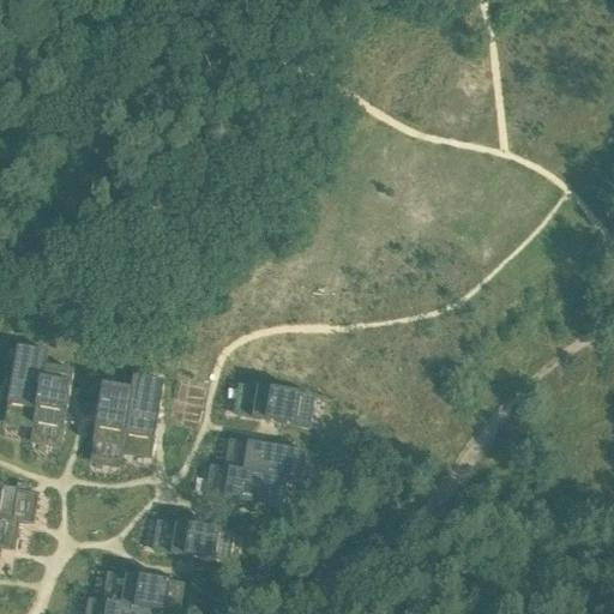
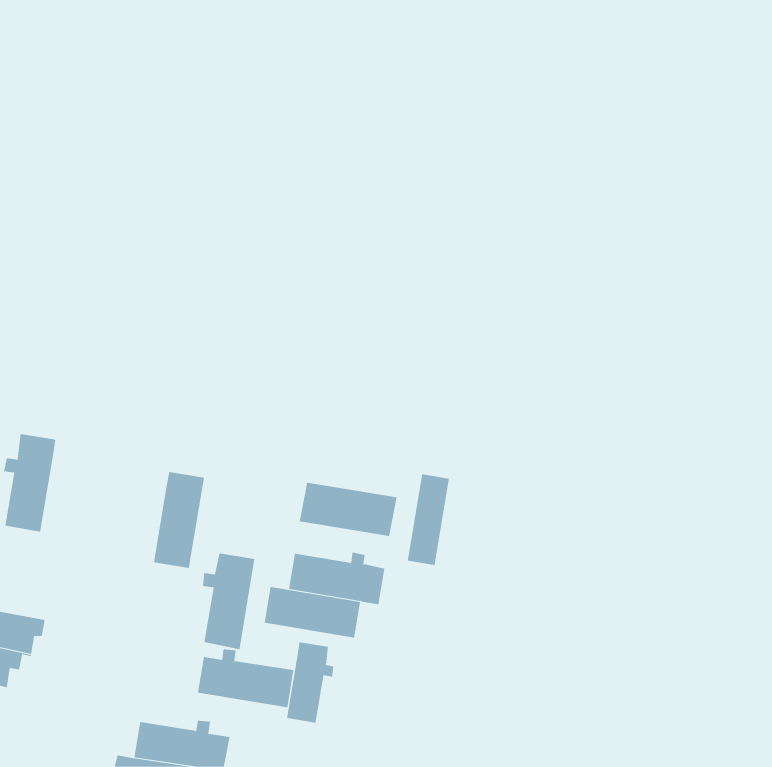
building: [30,363,77,440] -> none
building: none -> [407,474,449,566]
building: [89,383,131,459] -> [202,553,255,650]
building: none -> [286,641,334,723]

